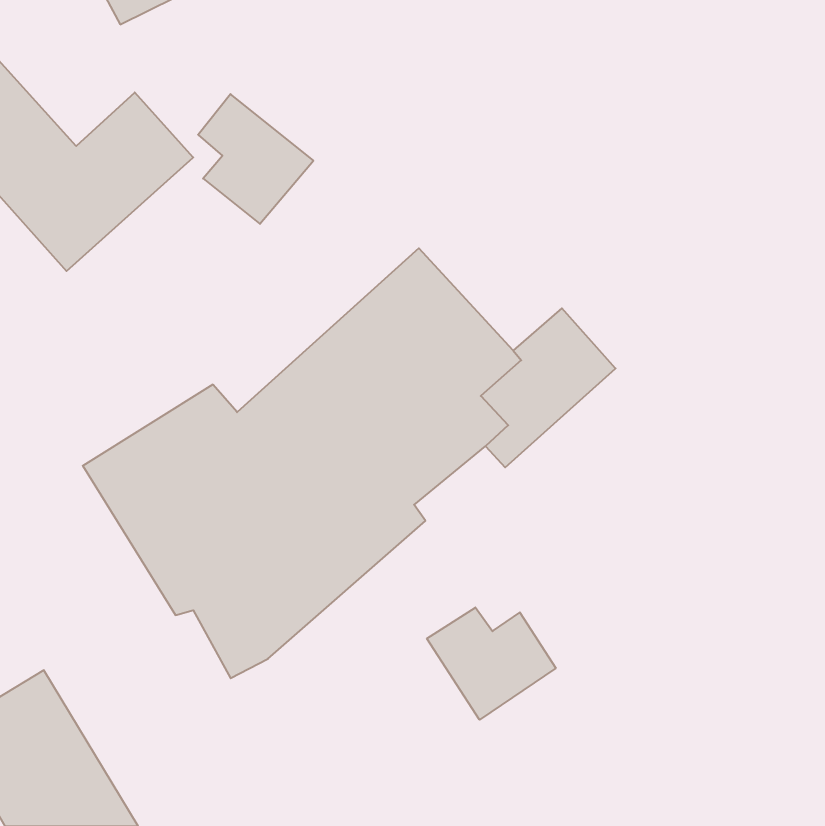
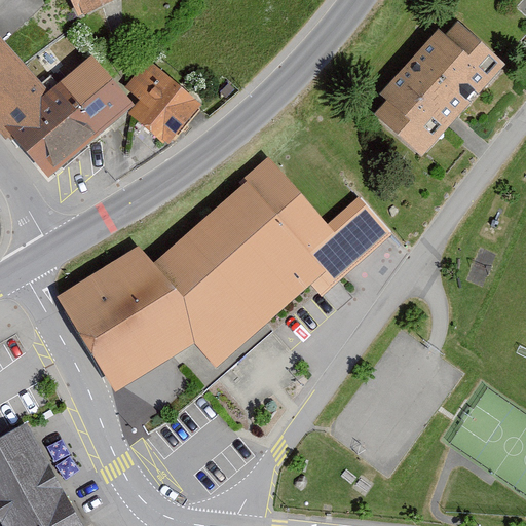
building: none -> [380,24,511,157]
building: [427,607,556,720] -> none

